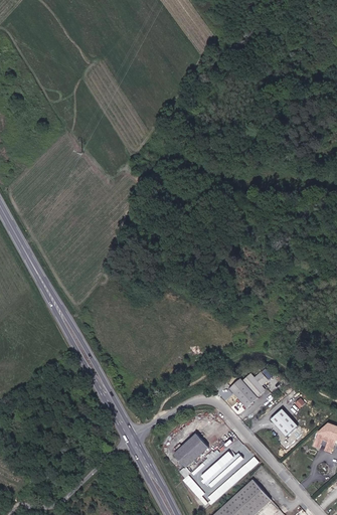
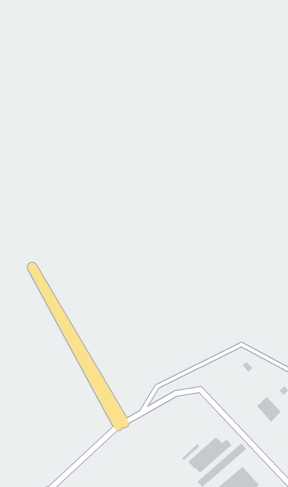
building: [227,375,263,408] -> none
building: [176,437,209,469] -> none

